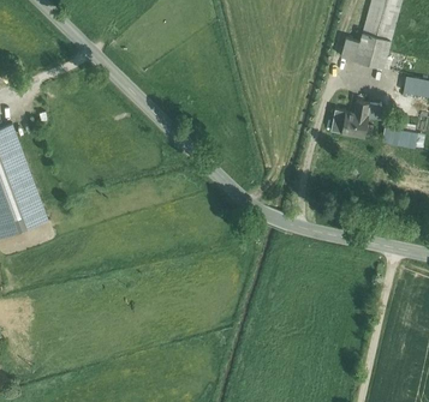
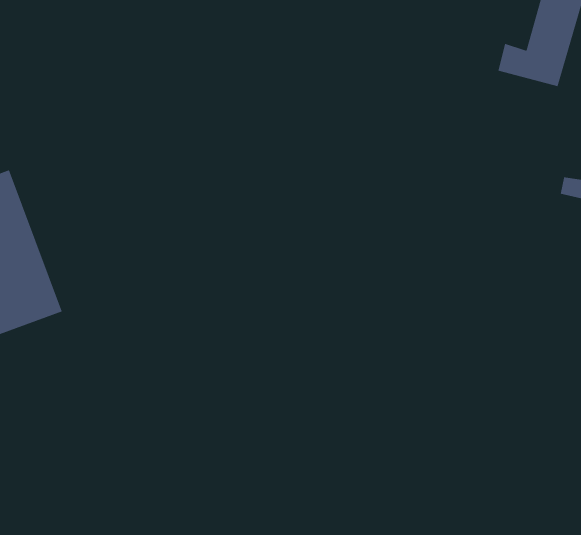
building: [329,102,375,138] -> none

